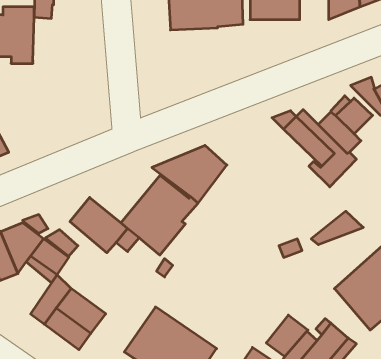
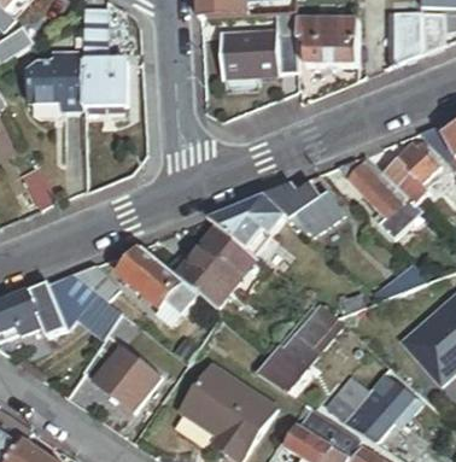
building: none -> [82,62,127,109]
building: none -> [262,185,341,236]
building: none -> [257,300,341,390]

